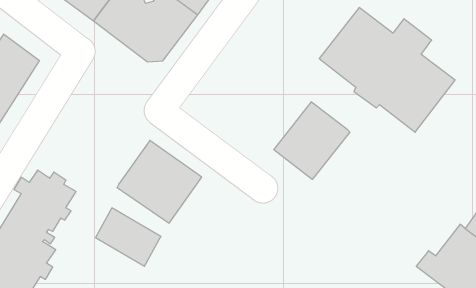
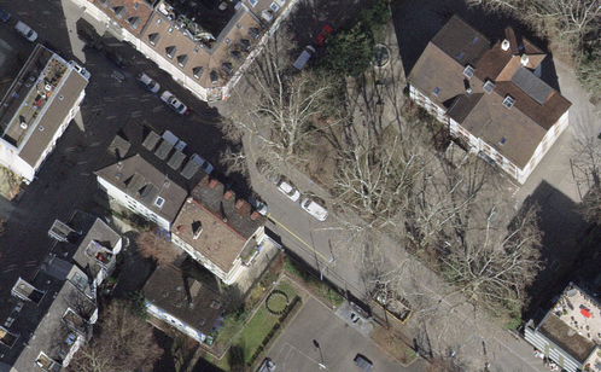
building: none -> [93,123,208,228]
building: [274,102,350,179] -> none

